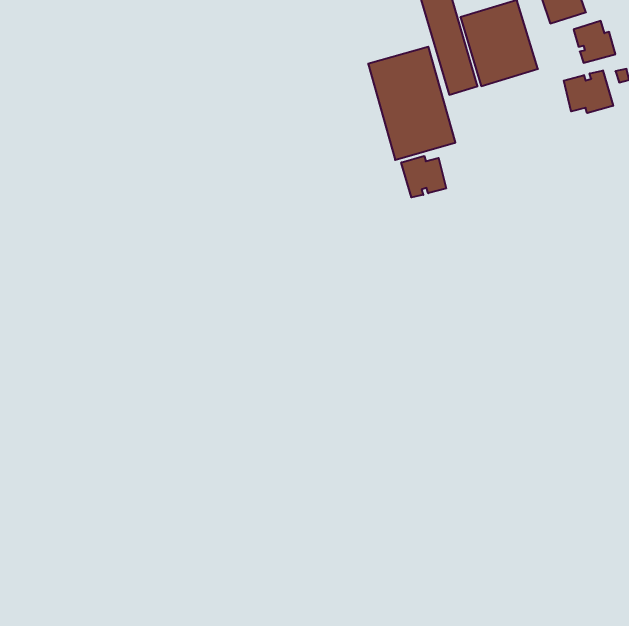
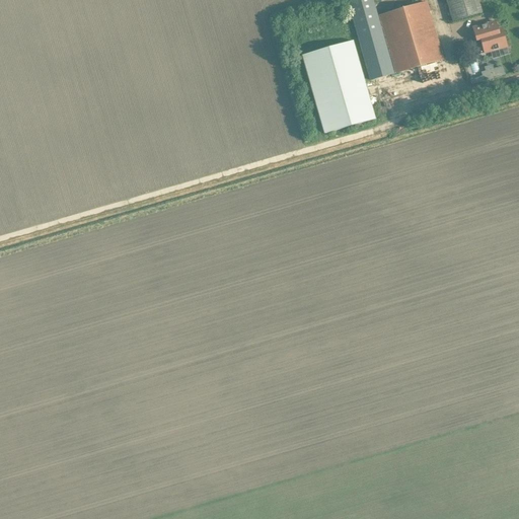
building: [564,70,613,113] -> none
building: [401,156,446,197] -> none

